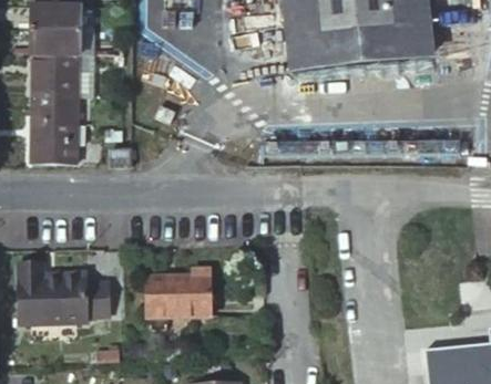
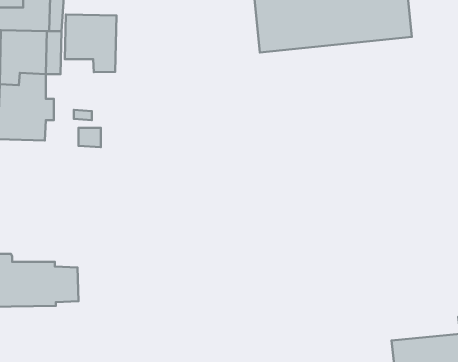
building: none -> [65,15,116,72]
building: [162,267,211,316] -> none

